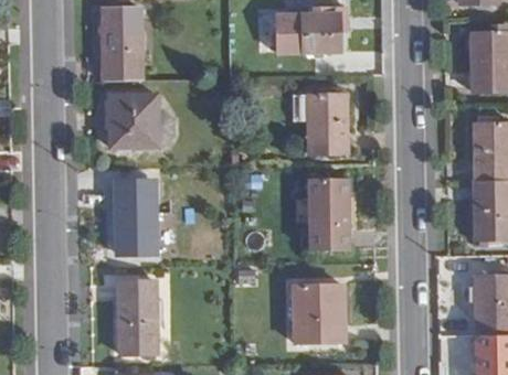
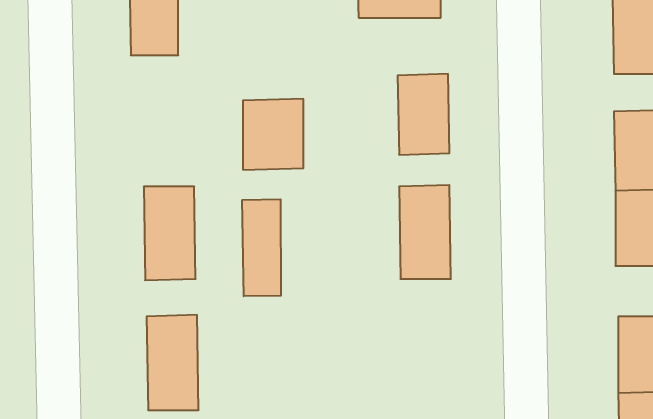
building: [106,94,152,148] -> [243,99,303,170]
building: none -> [242,199,281,296]
building: [296,283,348,341] -> none

